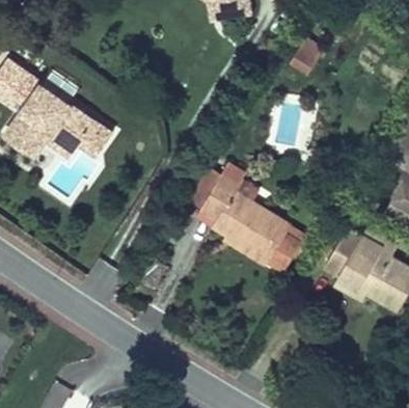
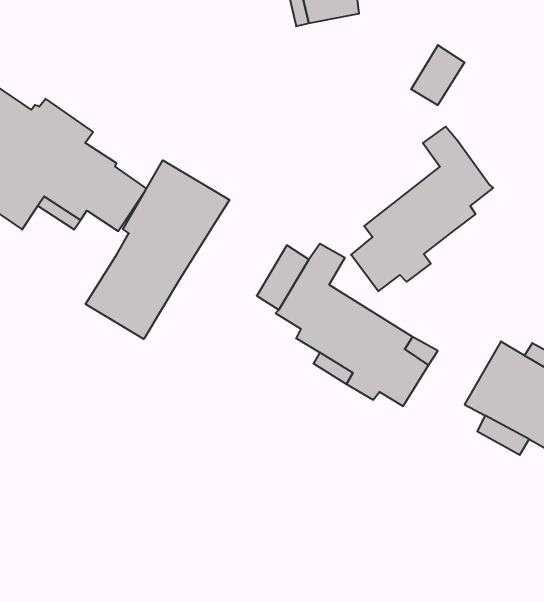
building: none -> [351,127,493,291]
building: none -> [86,160,229,339]

